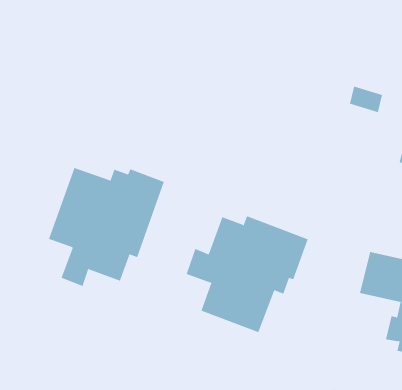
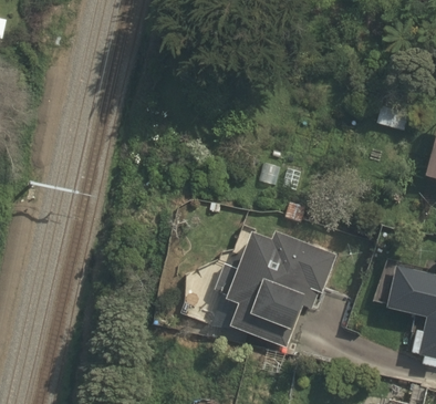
building: [48,167,165,287] -> none

